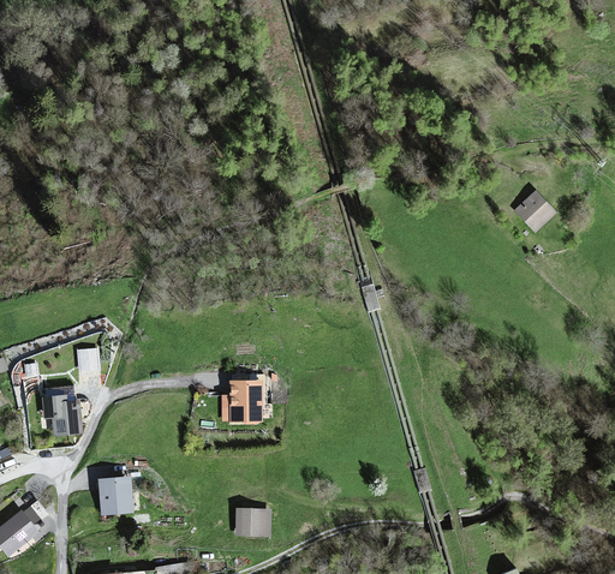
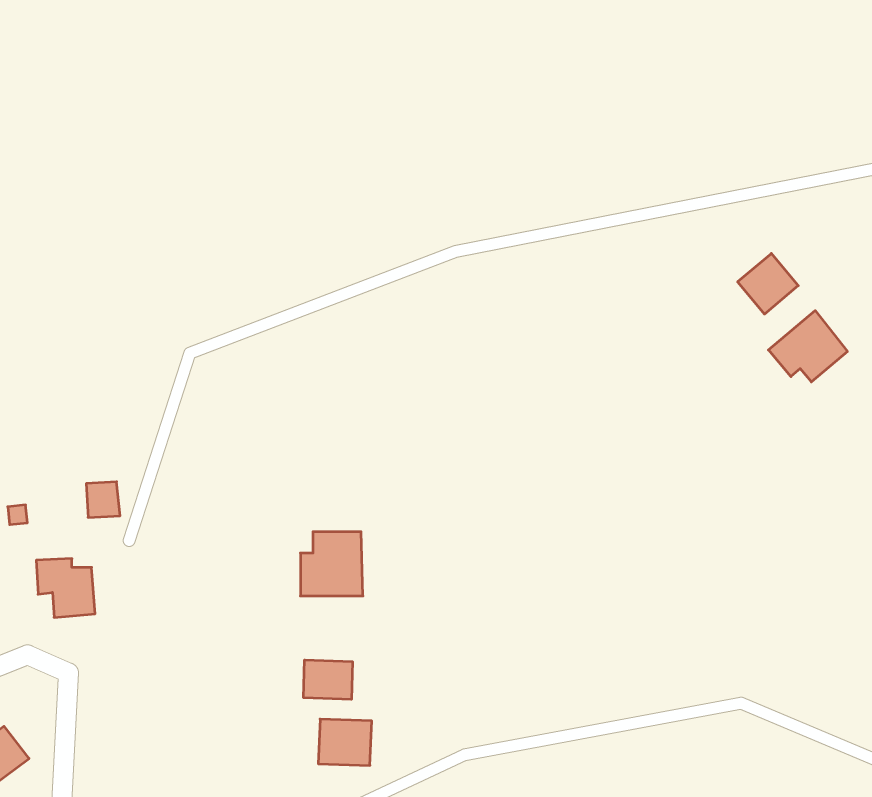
building: none -> [768,311,847,382]
building: none -> [304,660,352,699]
building: [100,477,135,515] -> none

